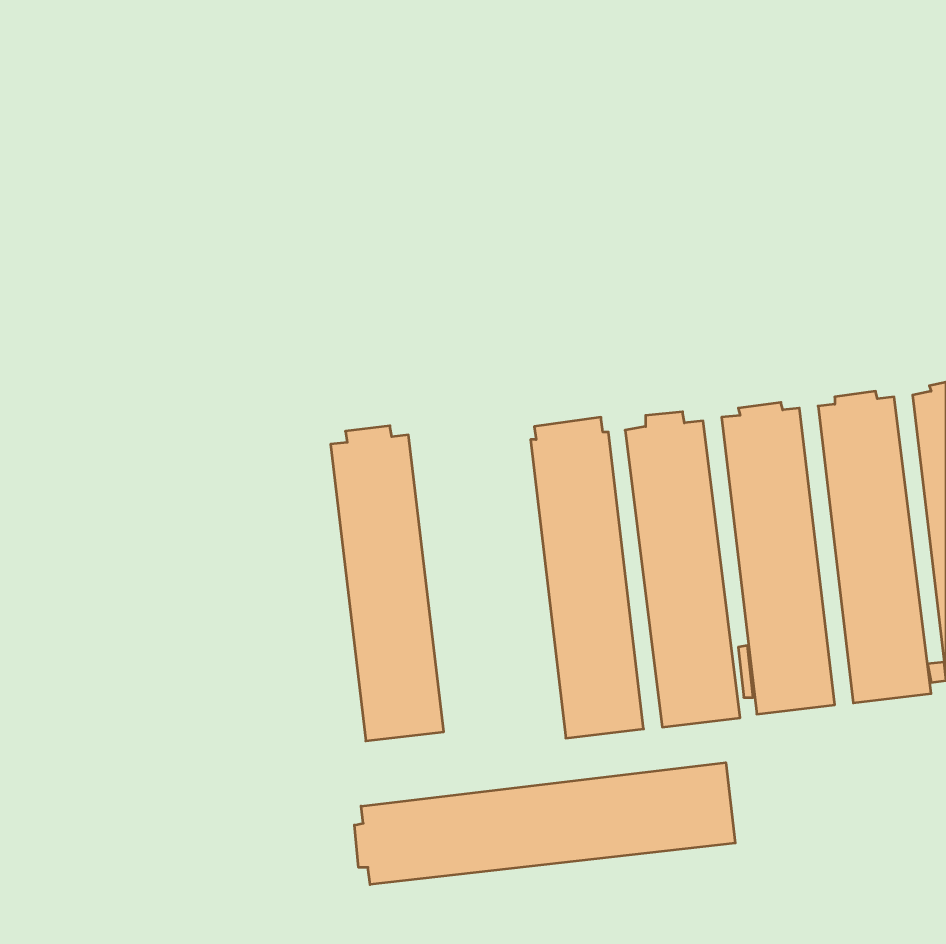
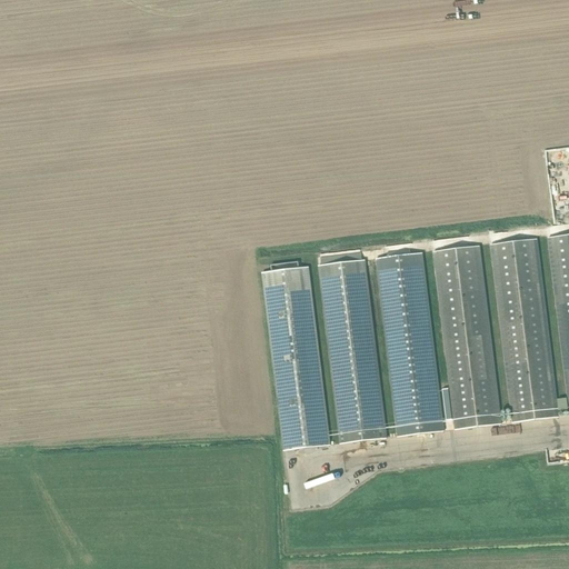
building: [331,426,444,741] -> [261,260,329,449]
building: [354,763,735,885] -> none

